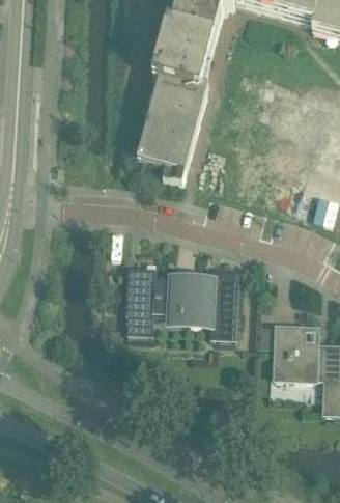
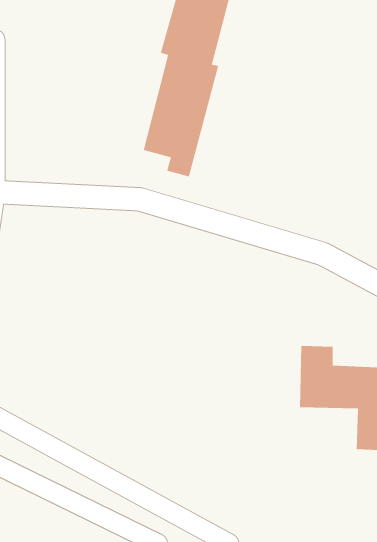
building: [125,268,238,340] -> none

